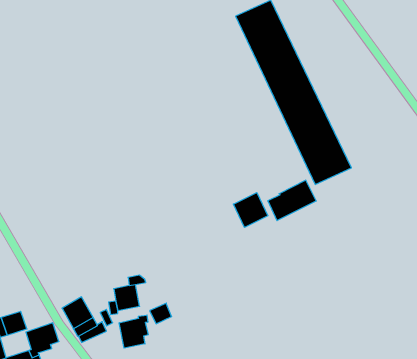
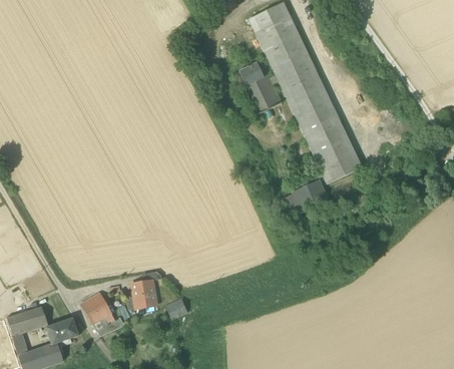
building: none -> [234,60,282,116]
building: [233,193,268,227] -> none
building: [119,315,148,348] -> none

